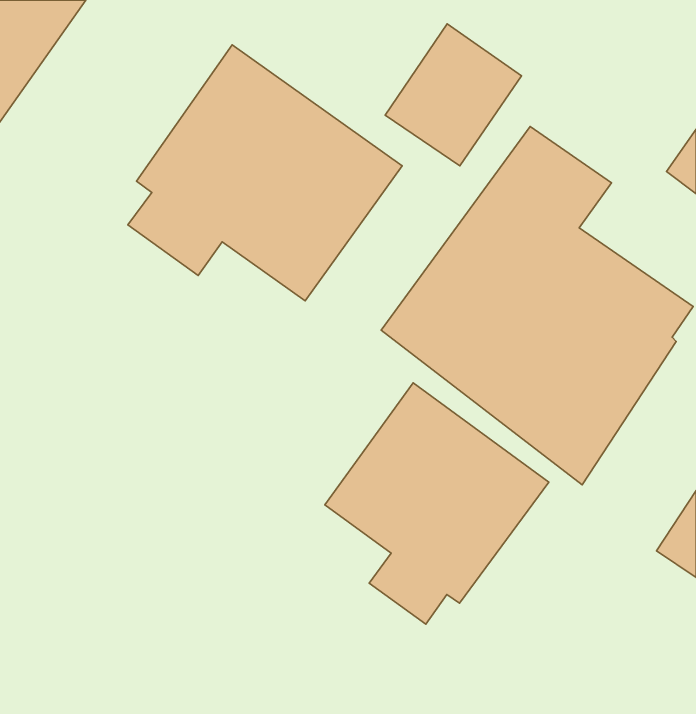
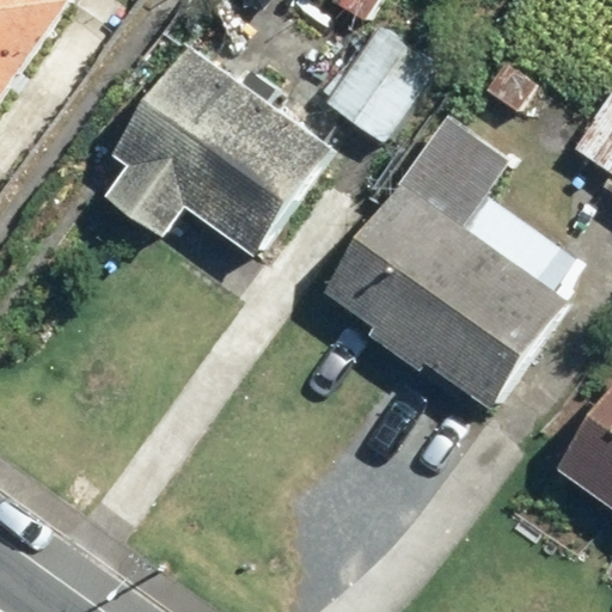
building: [325,383,549,624] -> none

